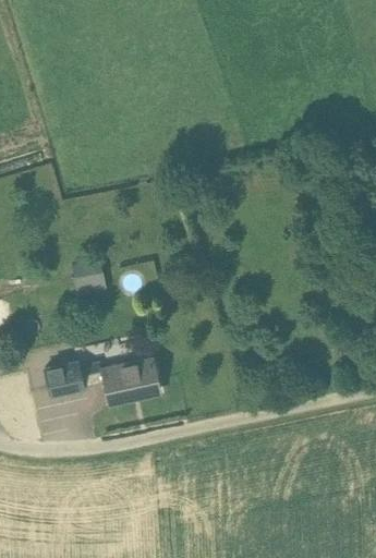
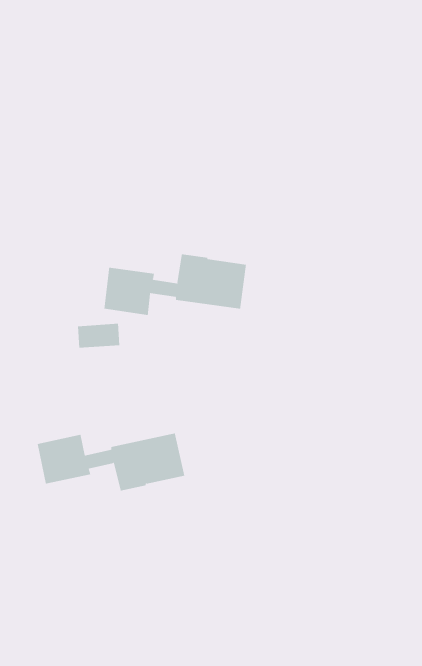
building: none -> [104,254,247,316]

